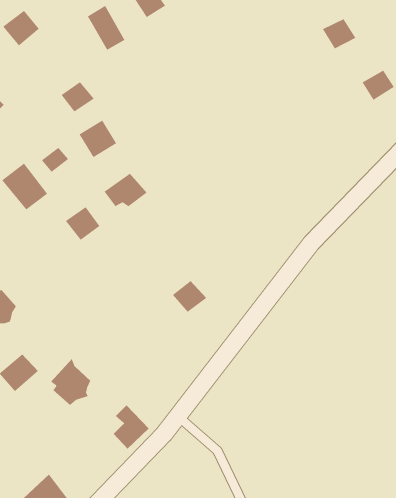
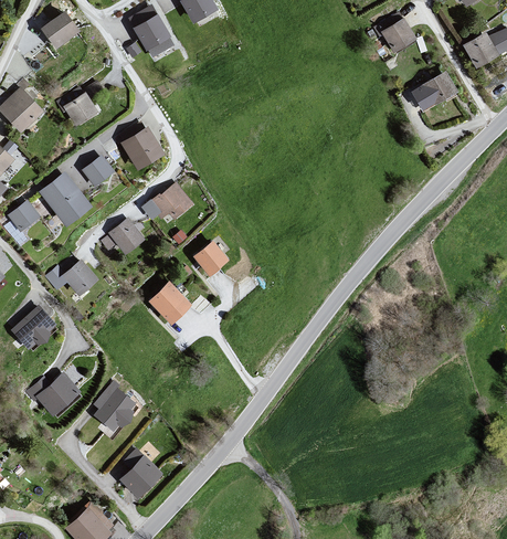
building: [60,81,95,112] -> [62,92,98,125]
building: none -> [61,260,98,297]
building: none -> [149,282,191,324]
building: [172,280,207,313] -> [192,242,230,276]
building: [113,405,149,449] -> [123,447,161,495]

